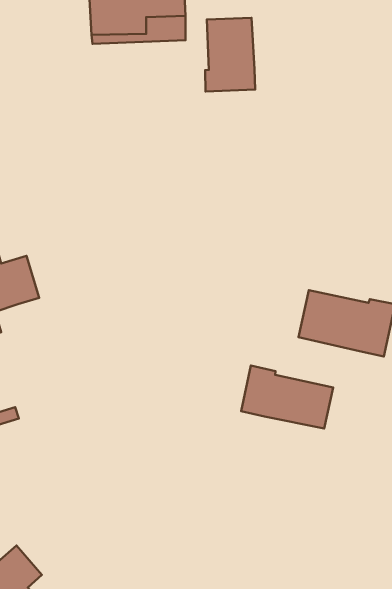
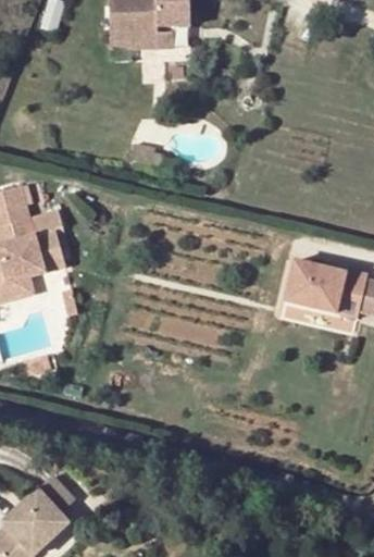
building: [205,18,255,92] -> none
building: [241,366,333,429] -> none

